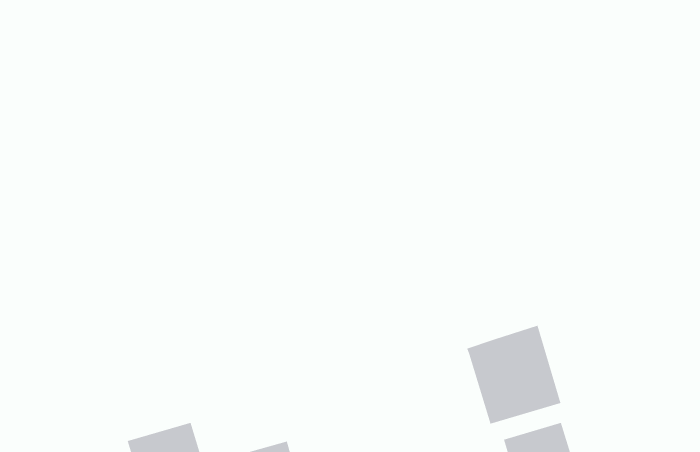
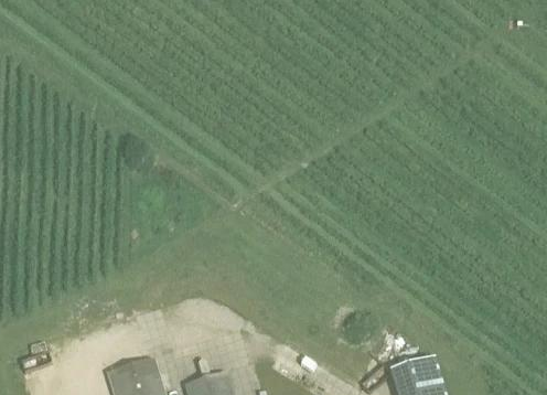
building: [466,325,561,425] -> none

